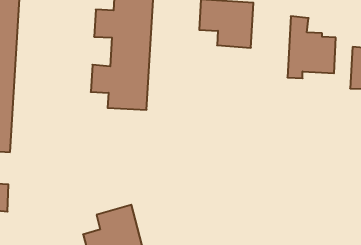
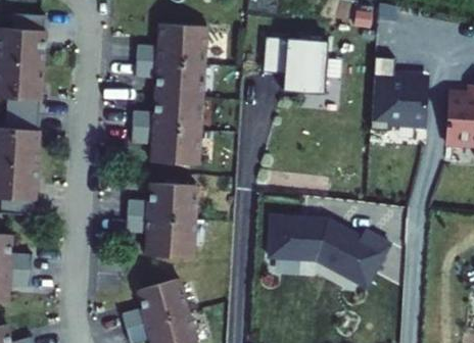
building: none -> [127,184,198,259]
building: none -> [257,210,379,292]

